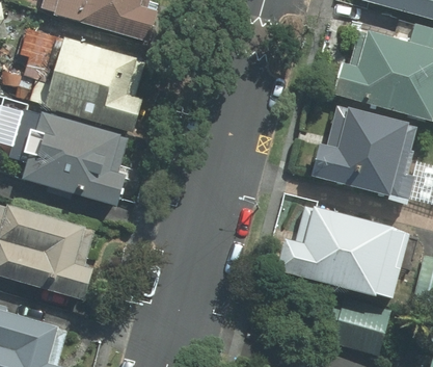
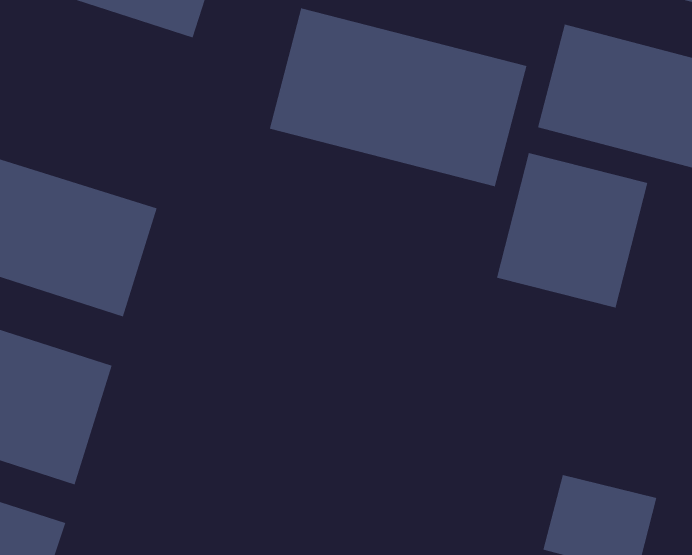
building: none -> [269,8,527,187]
building: [33,35,143,126] -> none
building: [286,205,404,302] -> none

